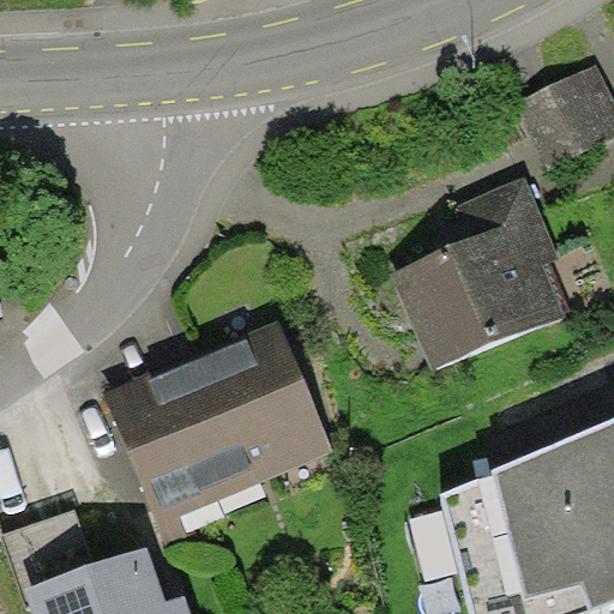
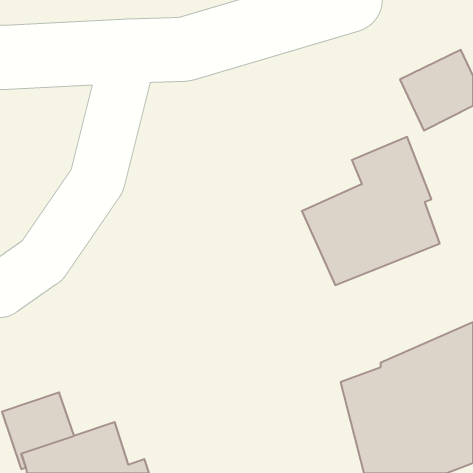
building: [106,320,335,524] -> none

